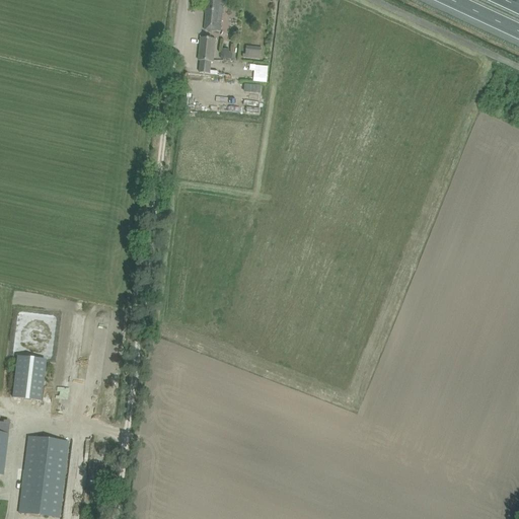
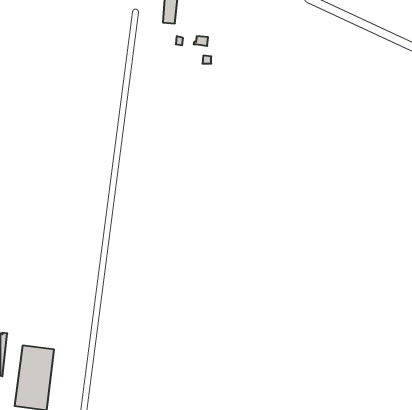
building: [199,36,215,72] -> none
building: [12,354,46,398] -> none

